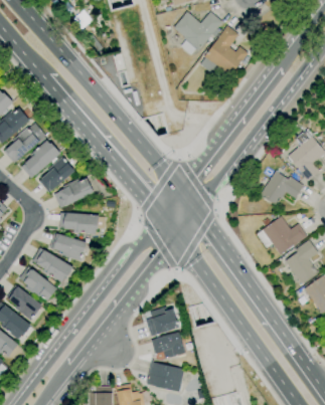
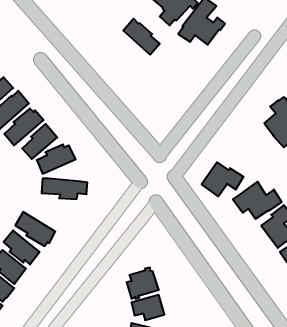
building: none -> [123,19,160,55]
building: [260,171,303,206] -> [202,162,244,196]
building: [49,232,86,261] -> none

